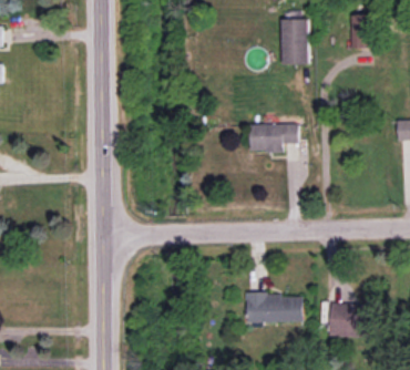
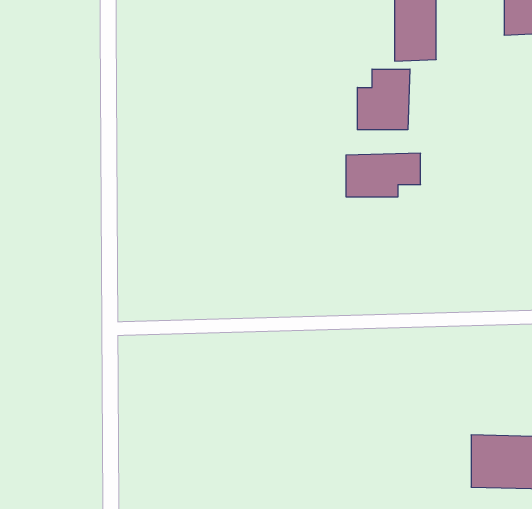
building: none -> [357,69,410,130]
building: [247,294,304,323] -> none

